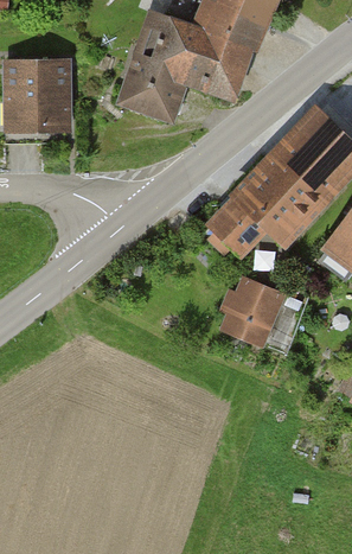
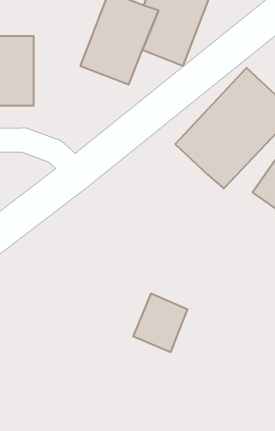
building: [204,195,270,260] -> none
building: [219,274,284,344] -> [133,294,188,352]

